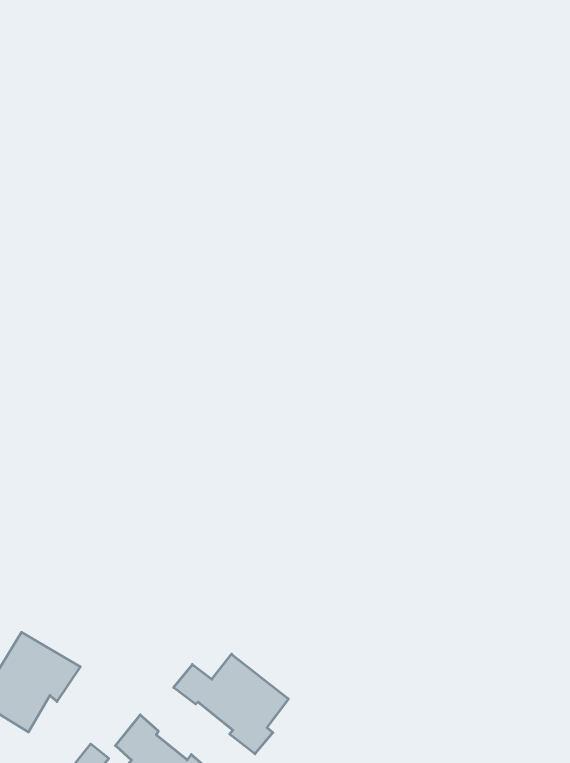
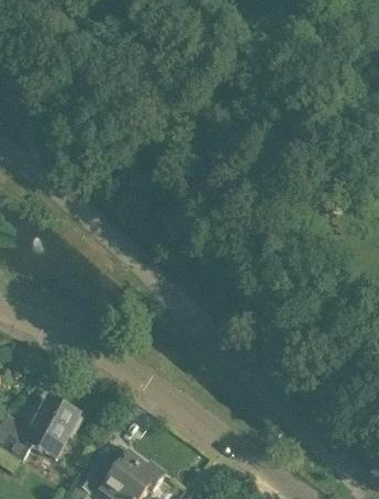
building: [174,654,288,754] -> none

